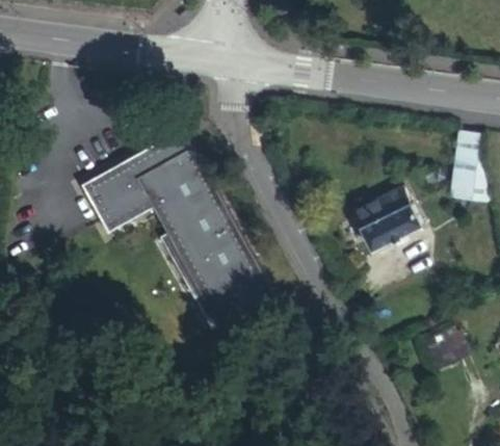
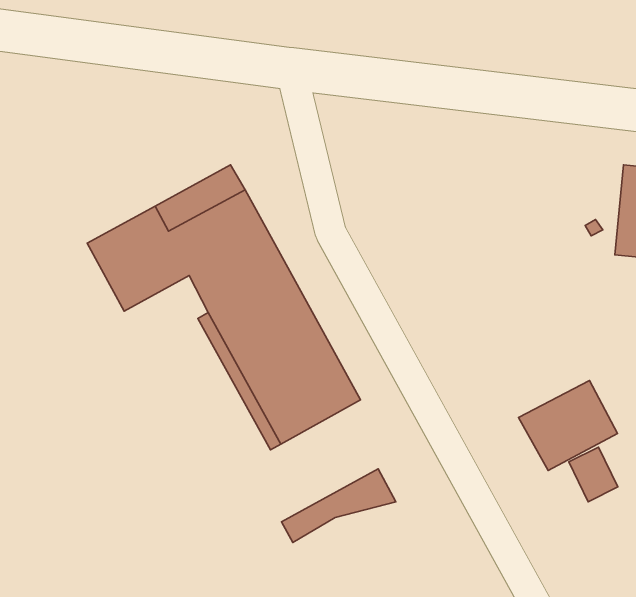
building: [354,185,424,248] -> [519,380,618,471]
building: none -> [282,469,396,542]

